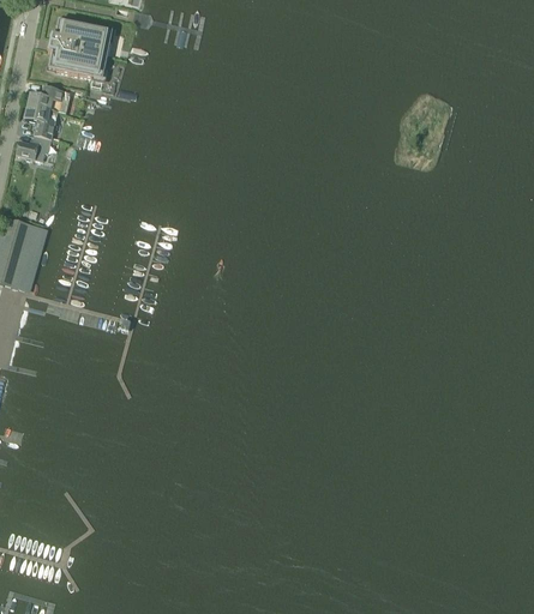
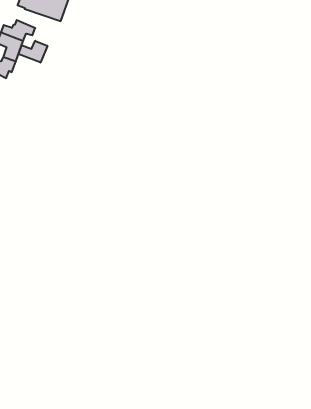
building: none -> [18,41,47,63]

